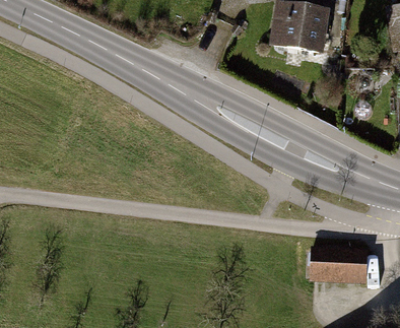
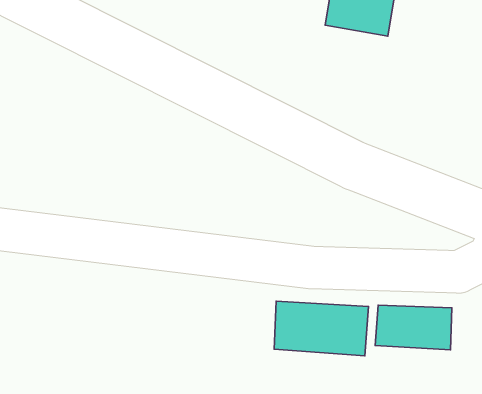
building: none -> [274,301,369,356]

